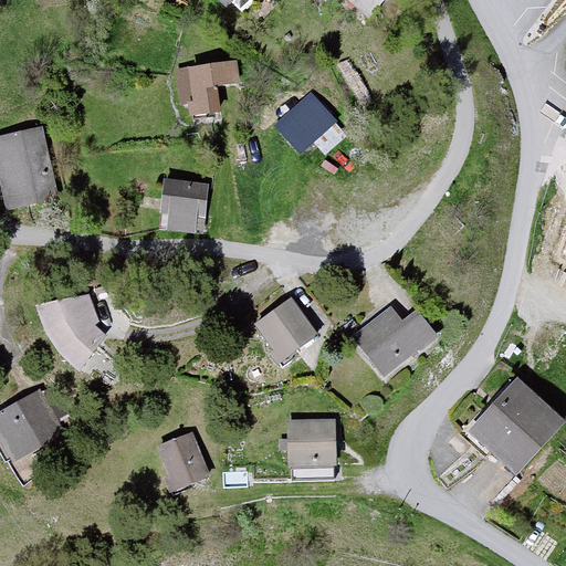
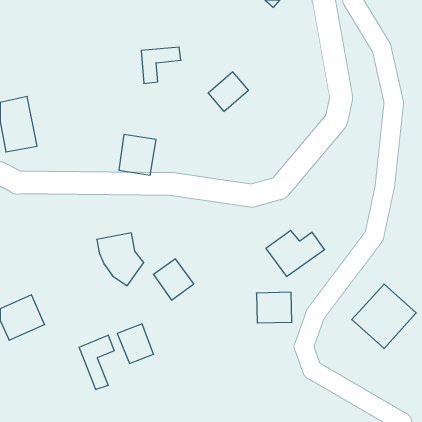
building: [42,294,105,365] -> [97,233,144,286]
building: [259,302,313,357] -> [153,259,194,300]
building: [287,421,335,462] -> [256,292,292,323]
building: none -> [79,335,114,390]

